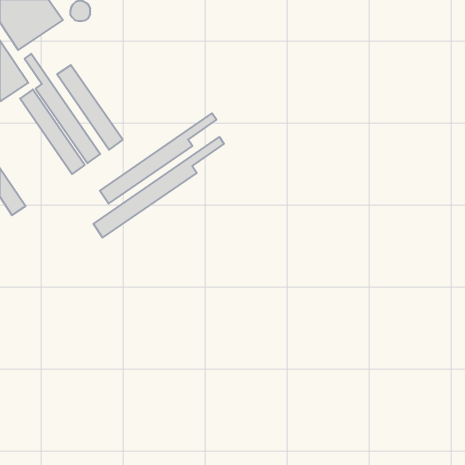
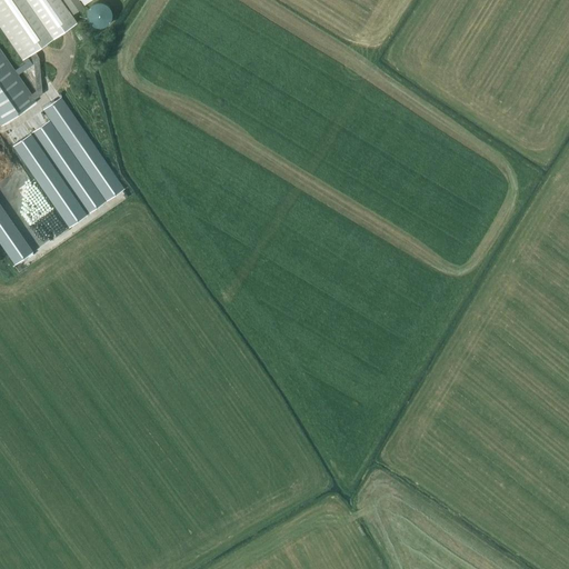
building: [57,65,123,150] -> [6,122,86,226]
building: [100,113,216,204] -> none
building: [93,137,224,238] -> none

